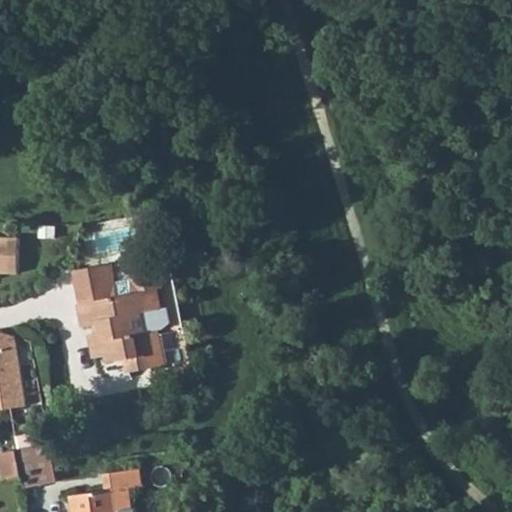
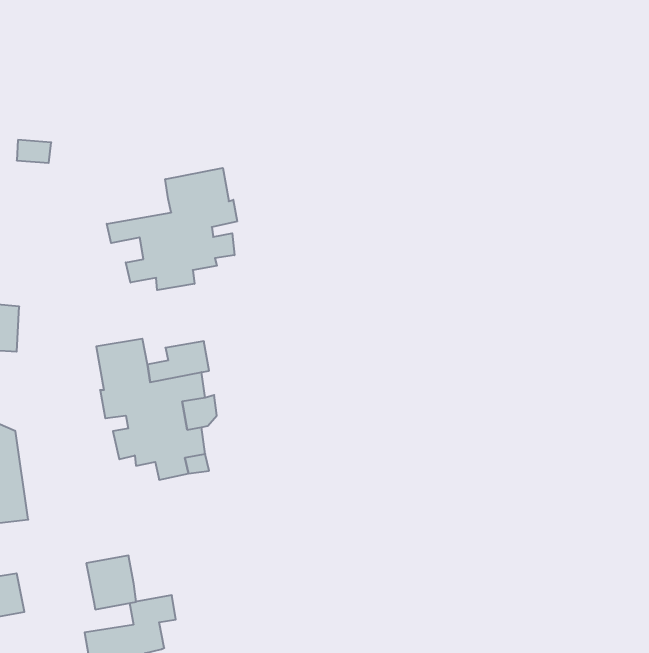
building: none -> [107,168,237,290]
building: [13,443,52,485] -> [86,556,136,609]

